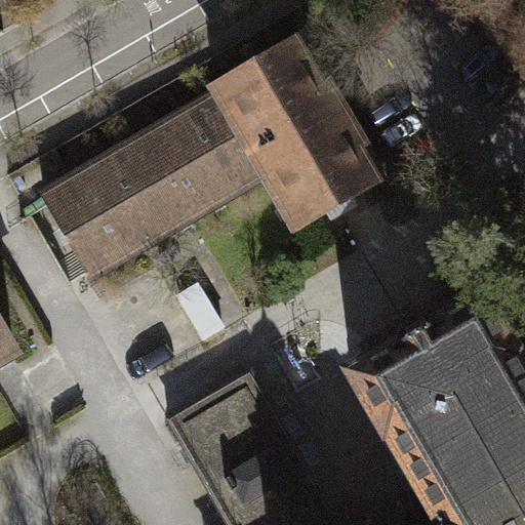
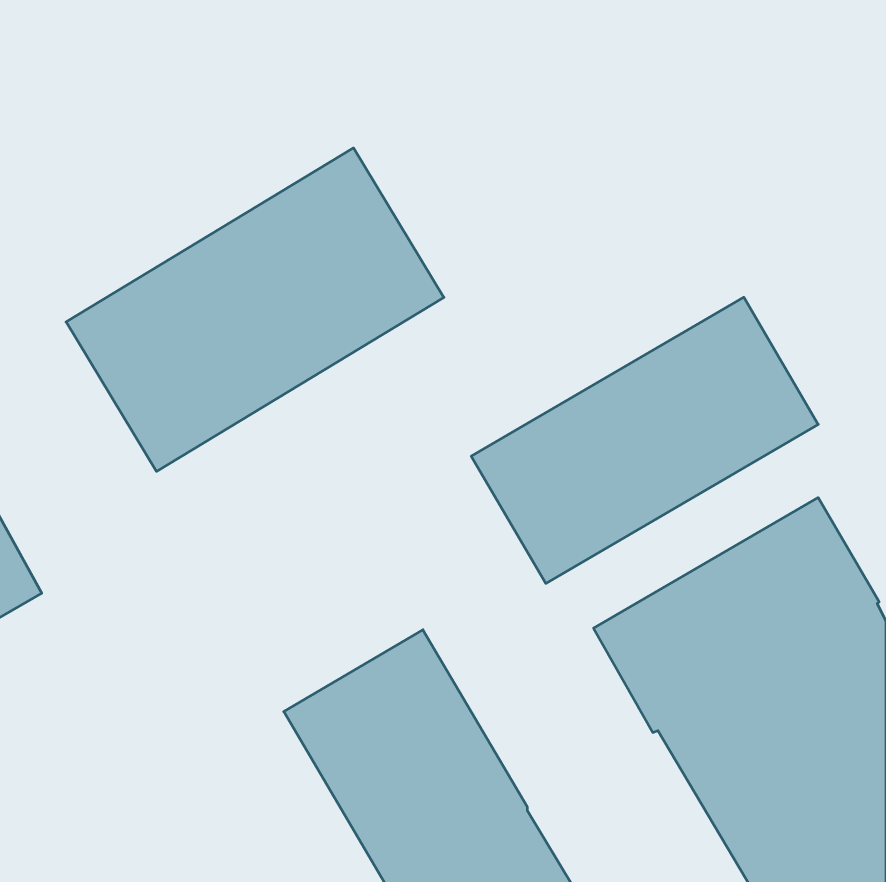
building: [208,37,386,232] -> none
building: none -> [471,297,818,583]

